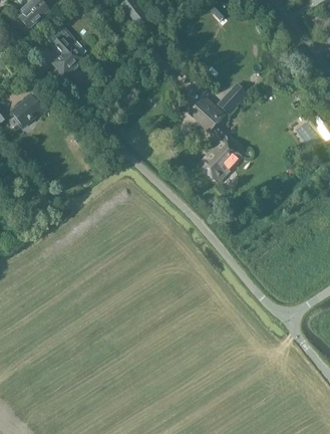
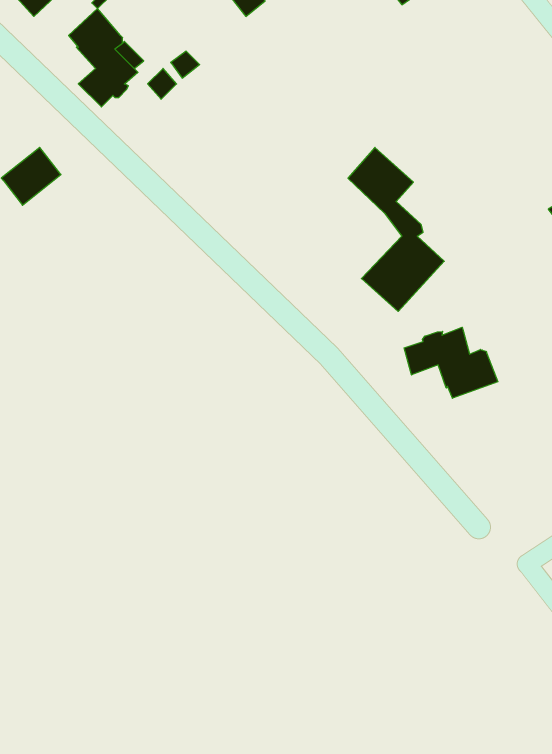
building: [217,85,245,114] -> none
building: none -> [404,327,498,398]

